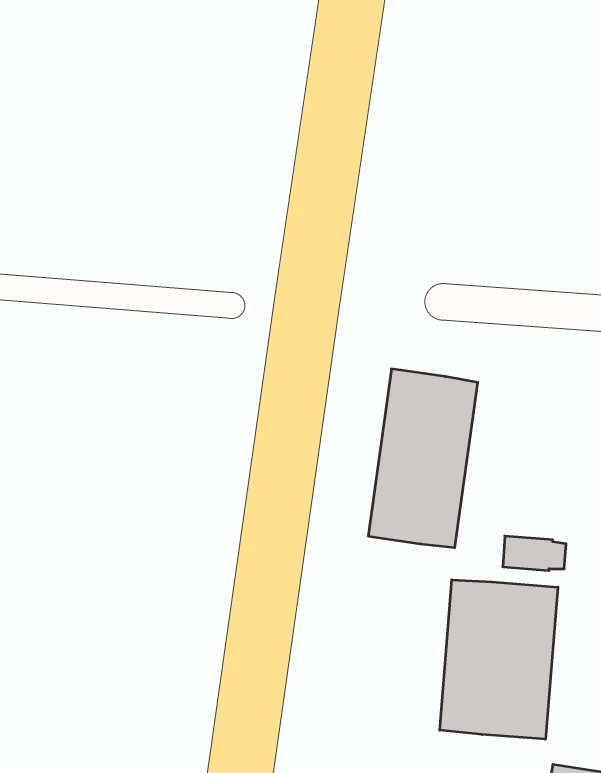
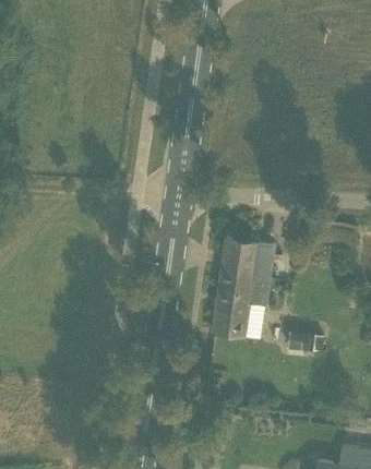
building: [440,580,558,739] -> none

